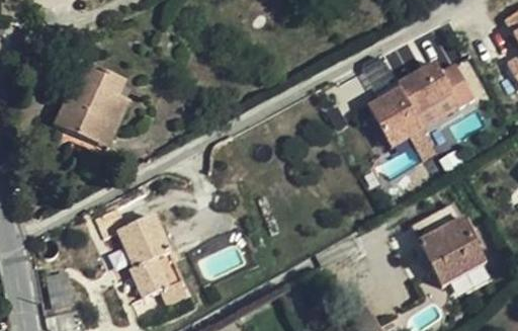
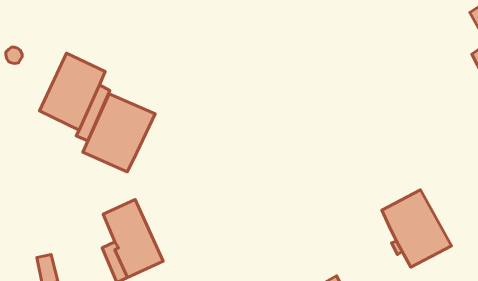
building: [366,59,476,159] -> none
building: none -> [83,94,155,172]

